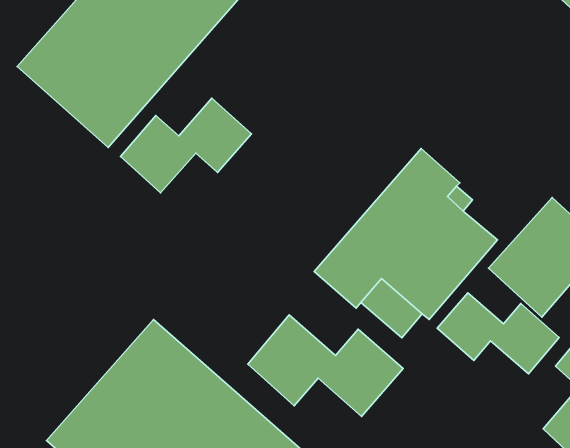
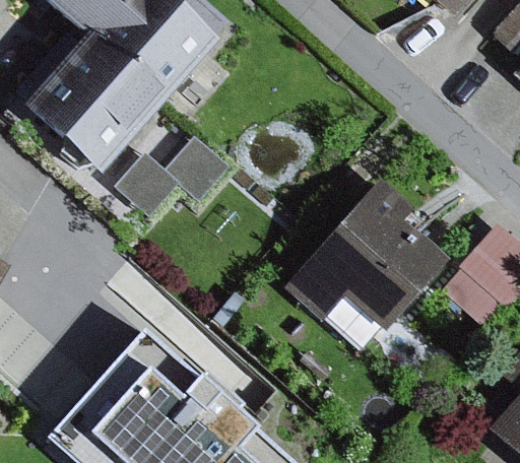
building: [437,293,559,374] -> none
building: [248,315,403,416] -> none

